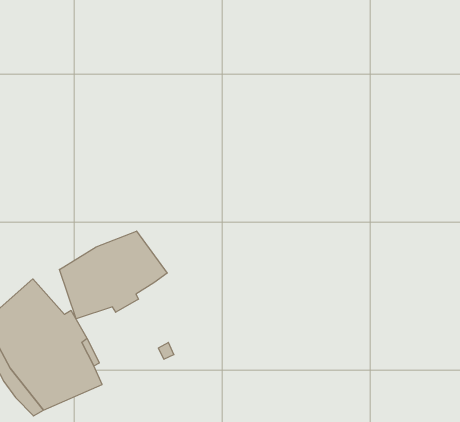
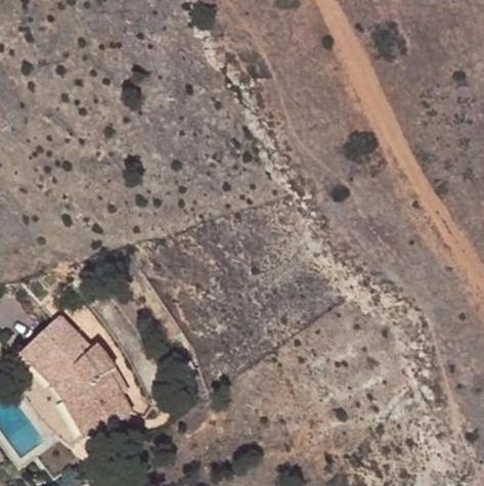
building: [59,231,167,319] -> none

